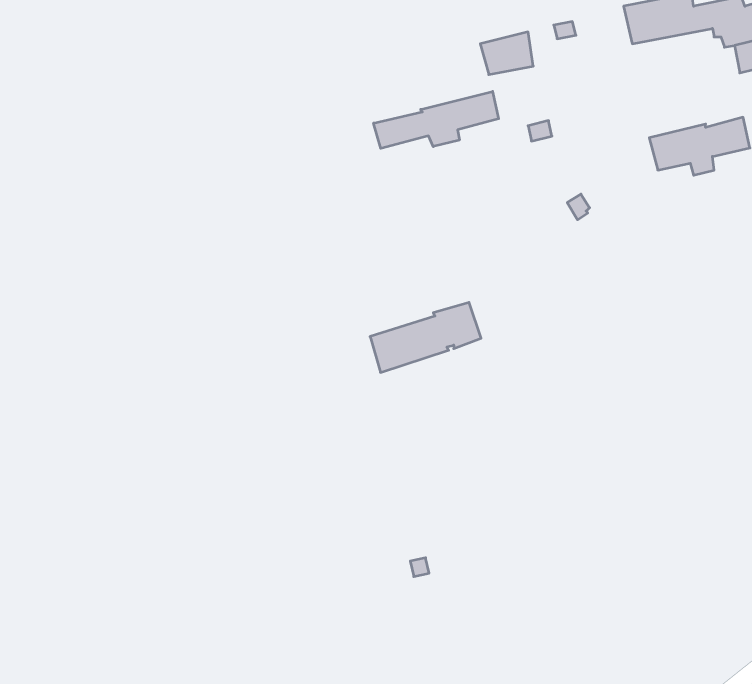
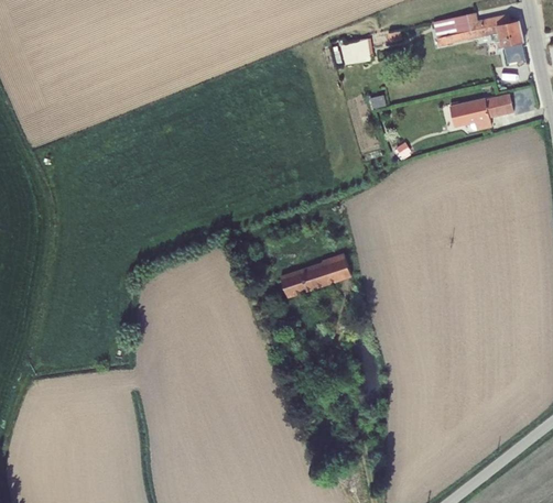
building: [374,91,499,148] -> none
building: [370,302,481,372] -> [280,253,351,298]

